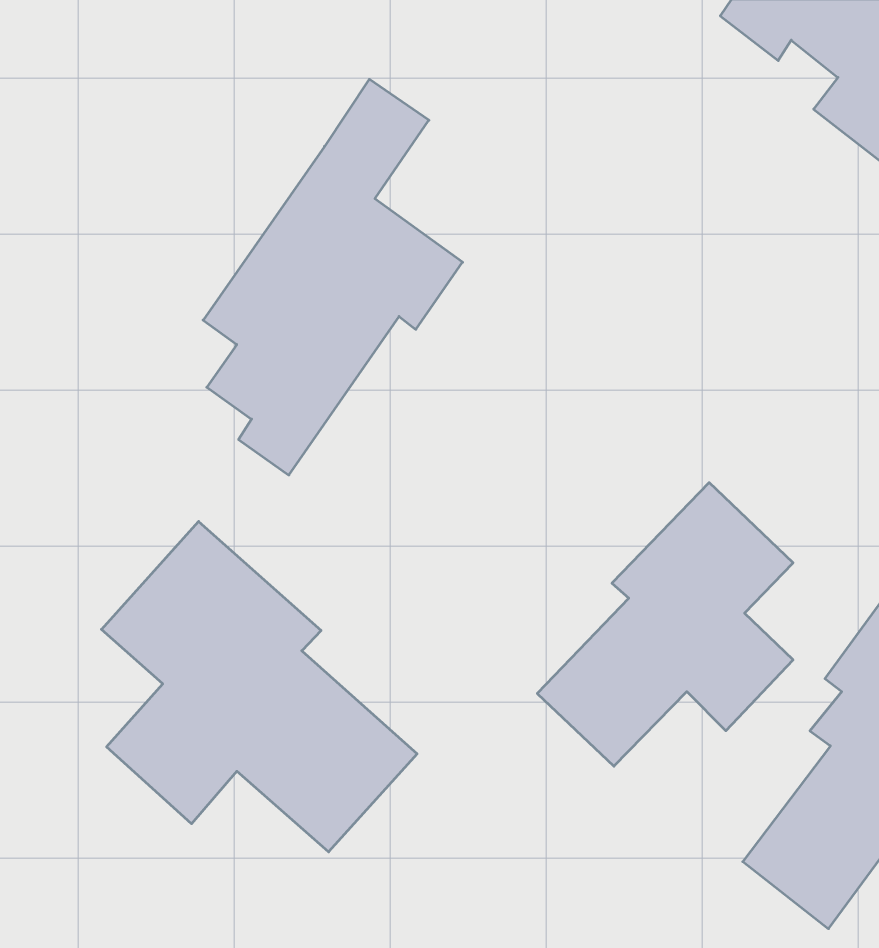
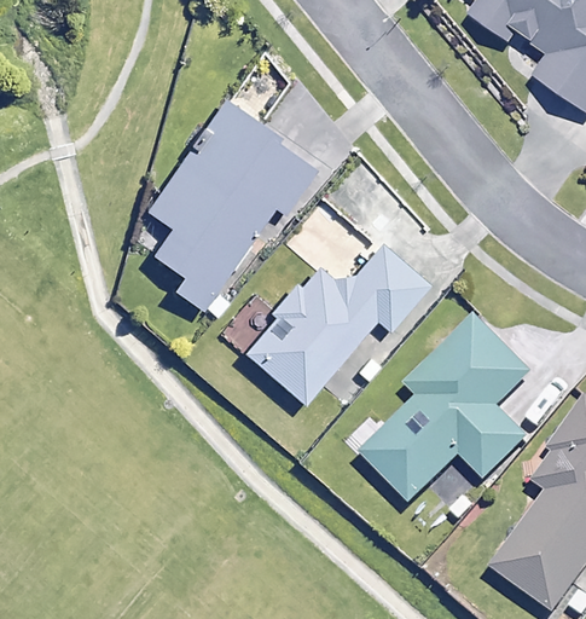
building: none -> [243,236,437,409]
building: [101,521,417,852] -> none

